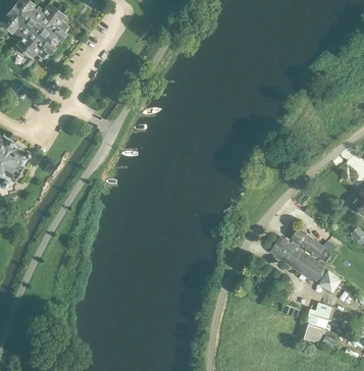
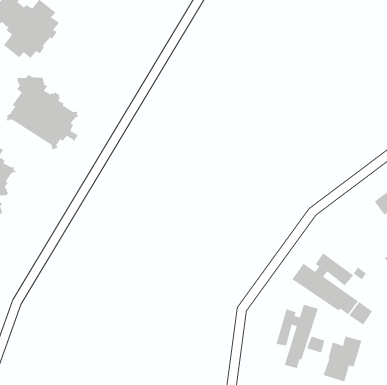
building: none -> [5,74,81,151]
building: none -> [276,304,318,369]

